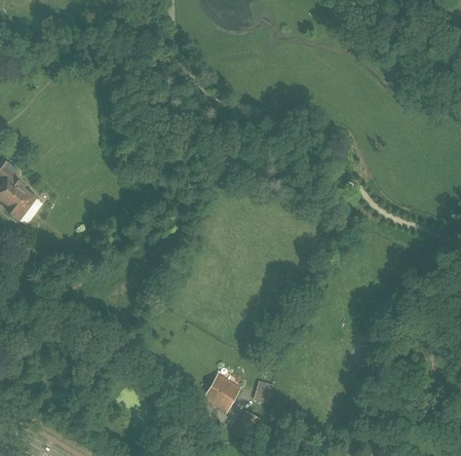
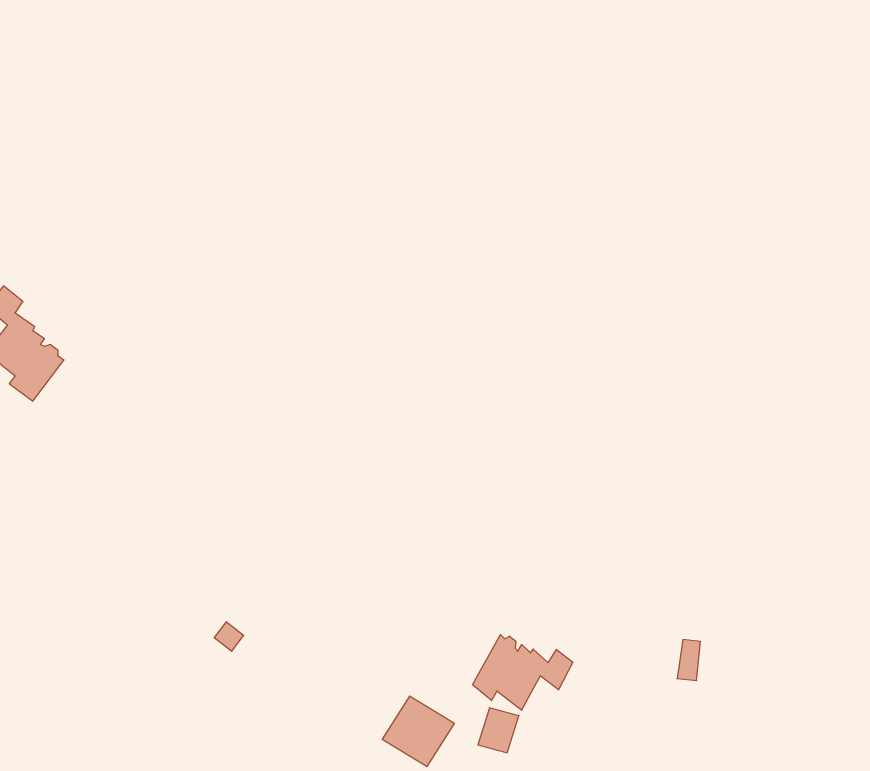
building: none -> [473,635,573,710]

